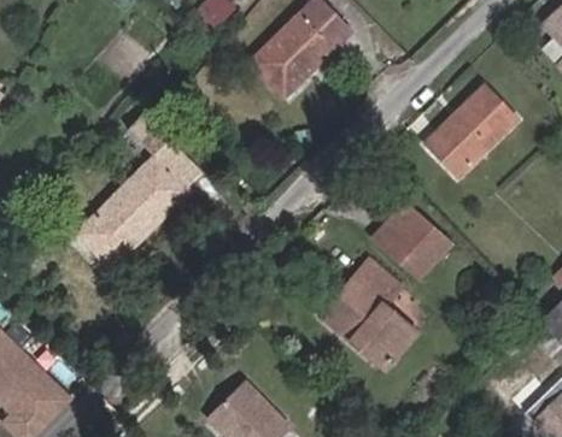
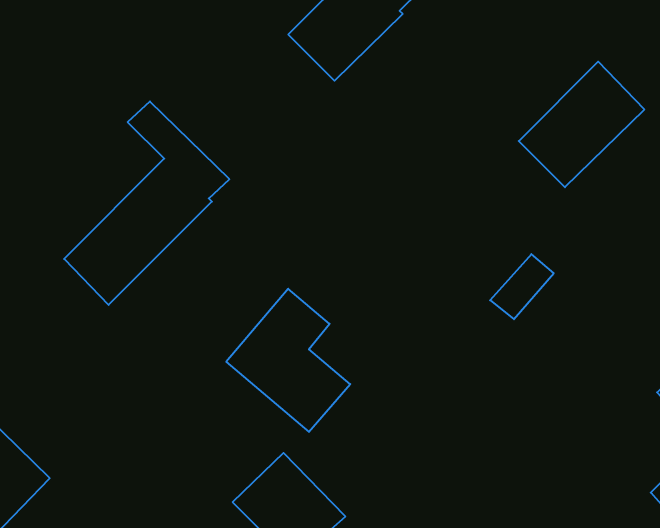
building: [374,205,433,264] -> none
building: [322,260,416,368] -> [226,289,350,432]

